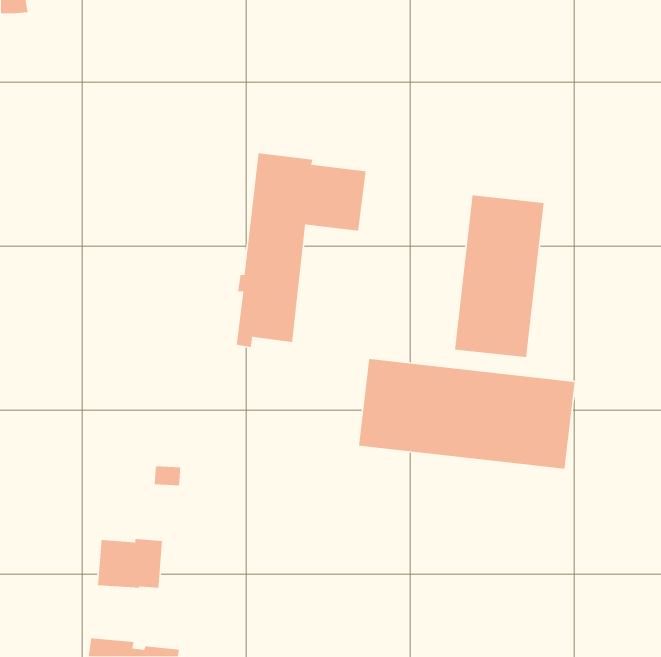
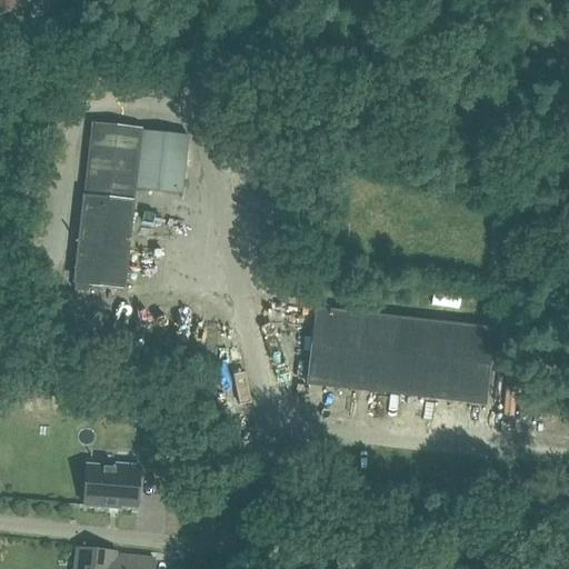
building: [236,153,367,348] -> [74,123,187,291]
building: [454,195,544,358] -> none

